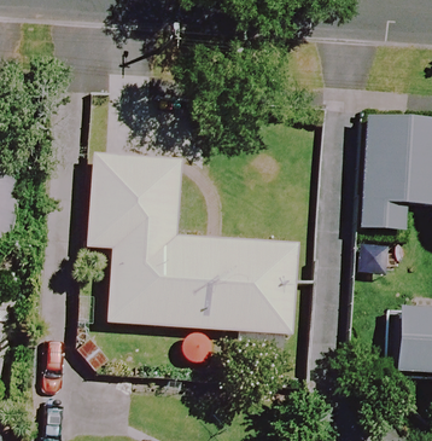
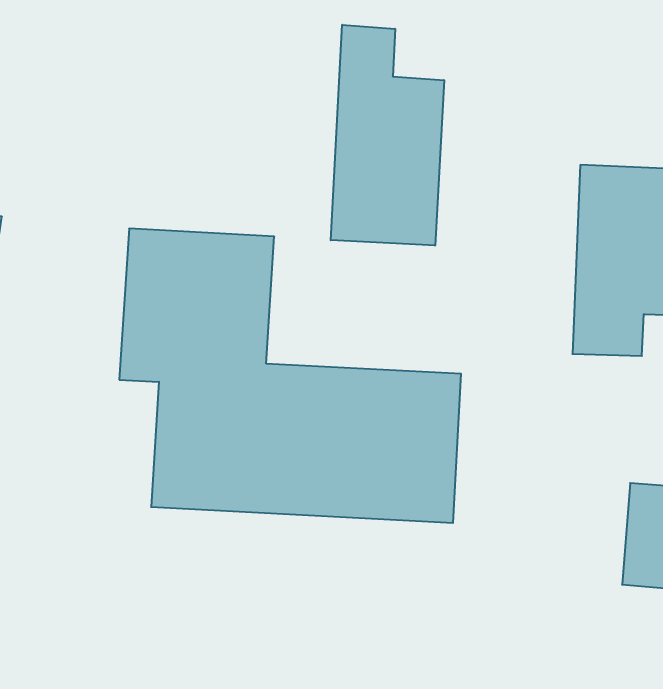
building: none -> [331,25,444,246]

